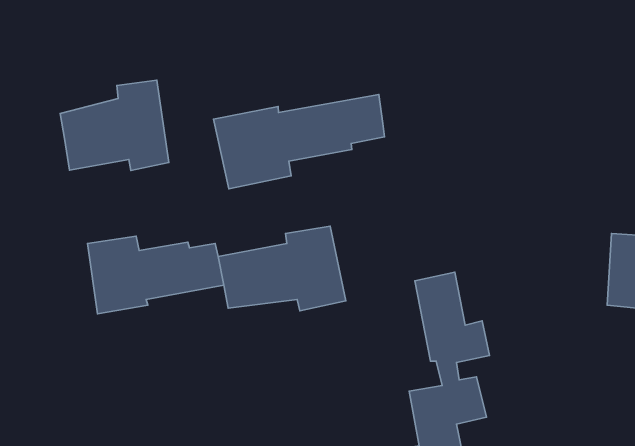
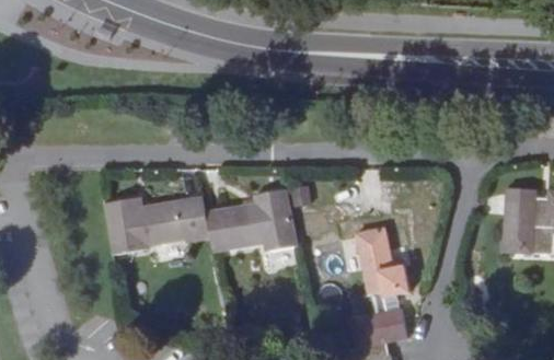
building: [60,80,169,170] -> none
building: [214,94,384,189] -> none

